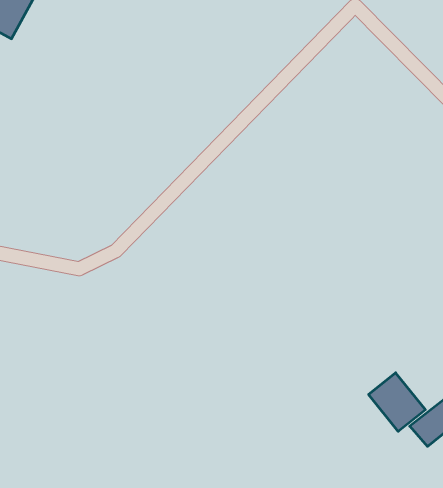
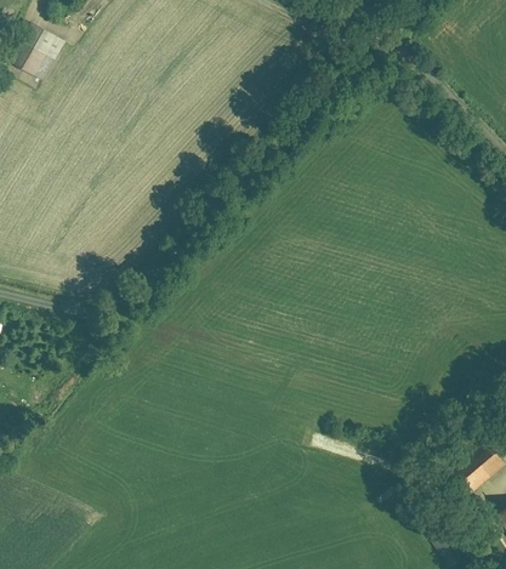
building: [369,373,425,431] -> none

